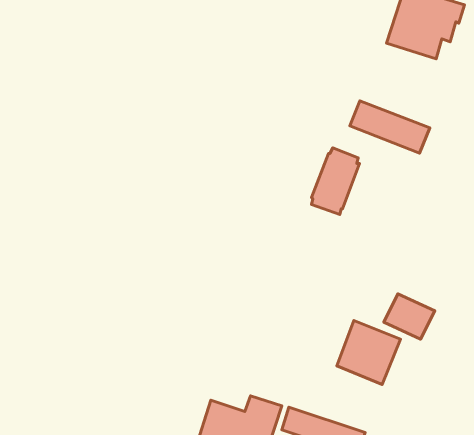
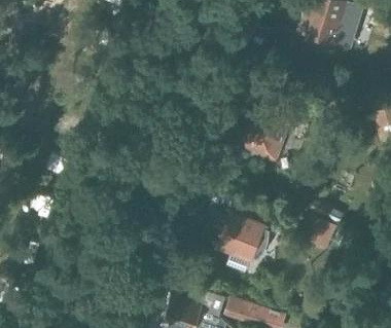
building: [350,101,430,153] -> none
building: [337,321,401,384] -> [220,216,266,262]

